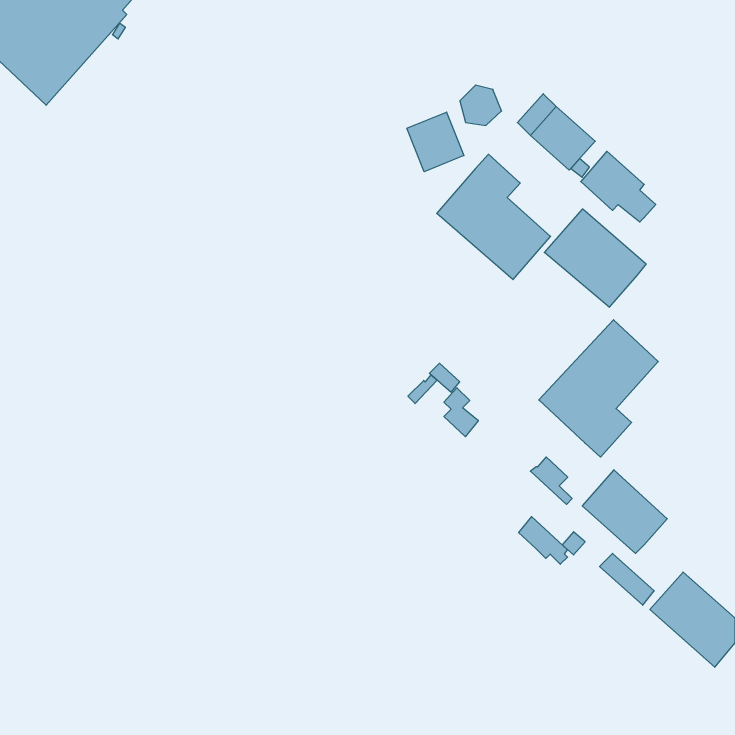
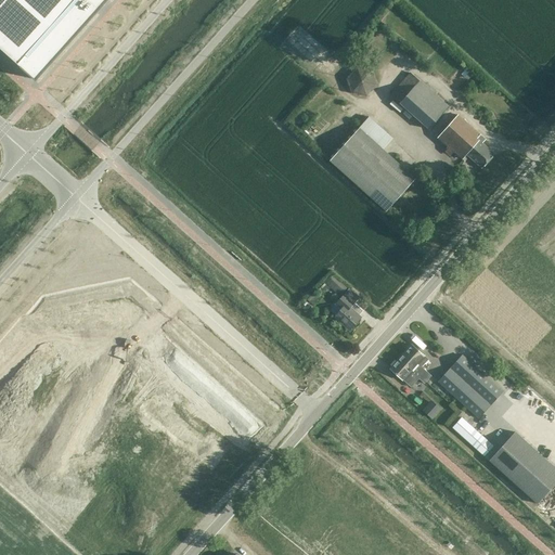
building: [407,112,464,172] -> none
building: [544,209,646,307] -> none
building: [539,320,658,457] -> none
building: [519,517,568,564] -> [389,354,426,390]

